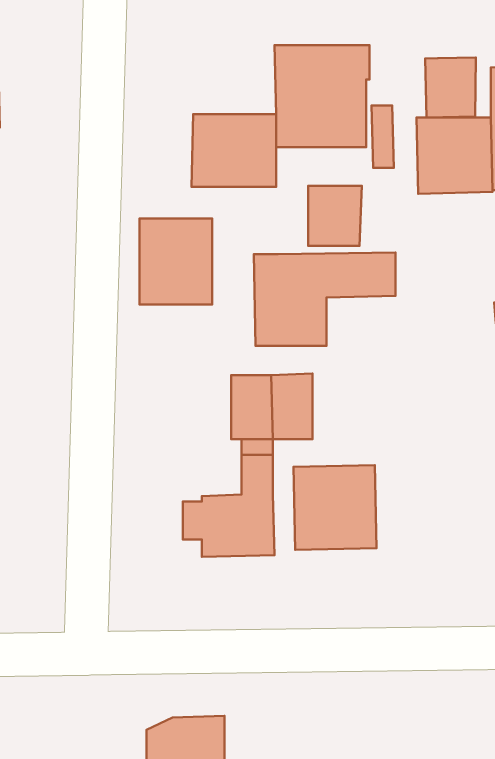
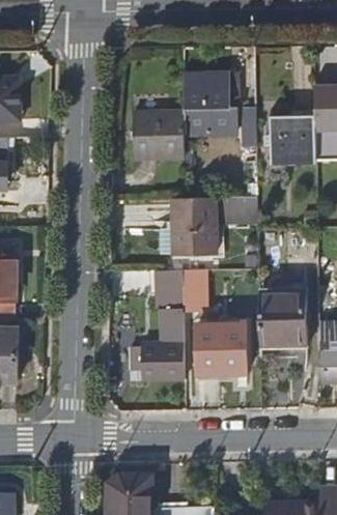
building: [425,57,476,118] -> none
building: [308,186,362,246] -> none
building: [140,219,212,304] -> none
building: none -> [258,280,306,356]

